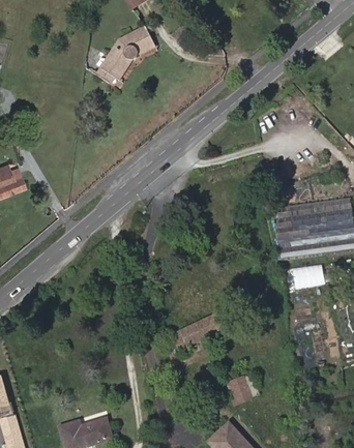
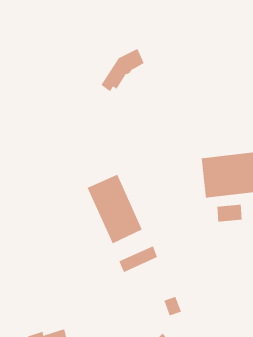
building: [97,27,152,82] -> [100,48,144,92]
building: none -> [87,174,143,244]

